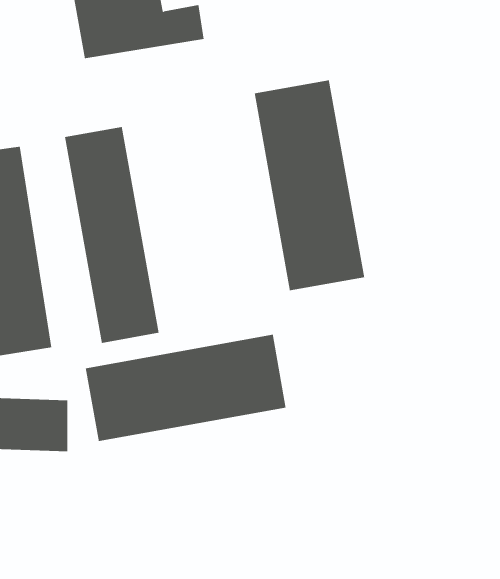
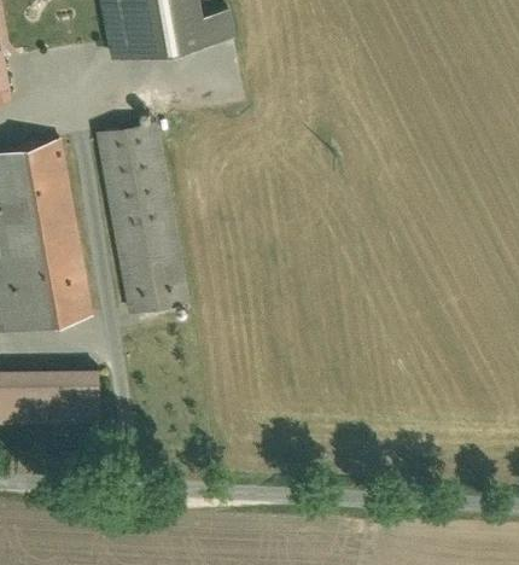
building: [254,79,365,291] -> none
building: [85,334,286,442] -> none

